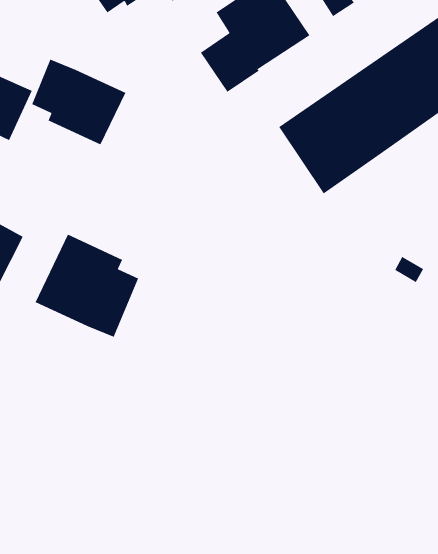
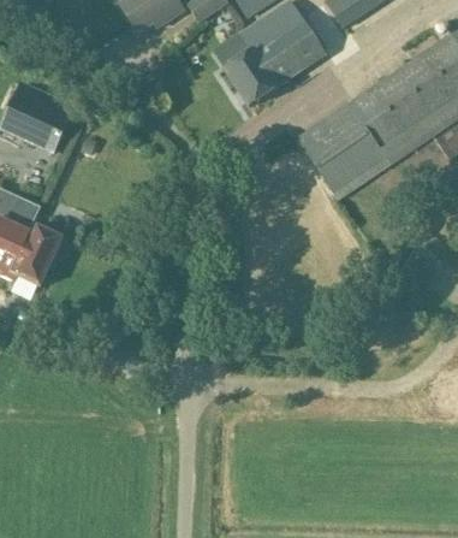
building: [31,59,127,146] -> none
building: [34,234,139,338] -> none

